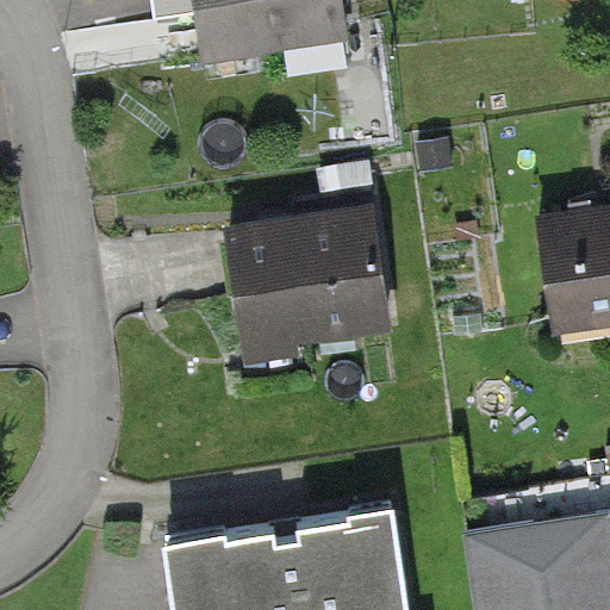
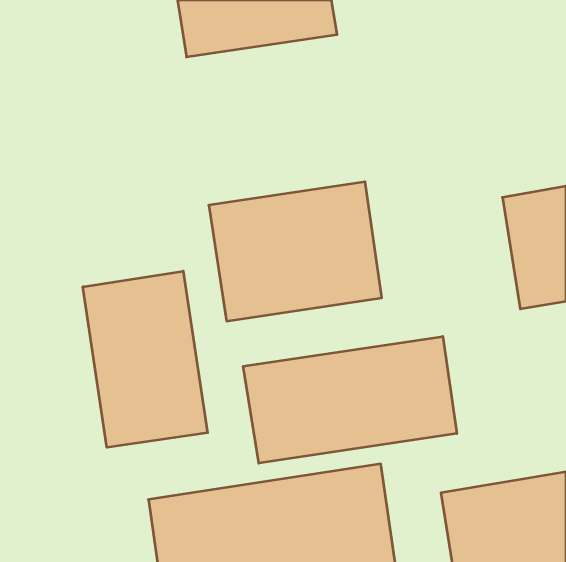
building: none -> [83,271,208,447]
building: none -> [243,336,457,463]

